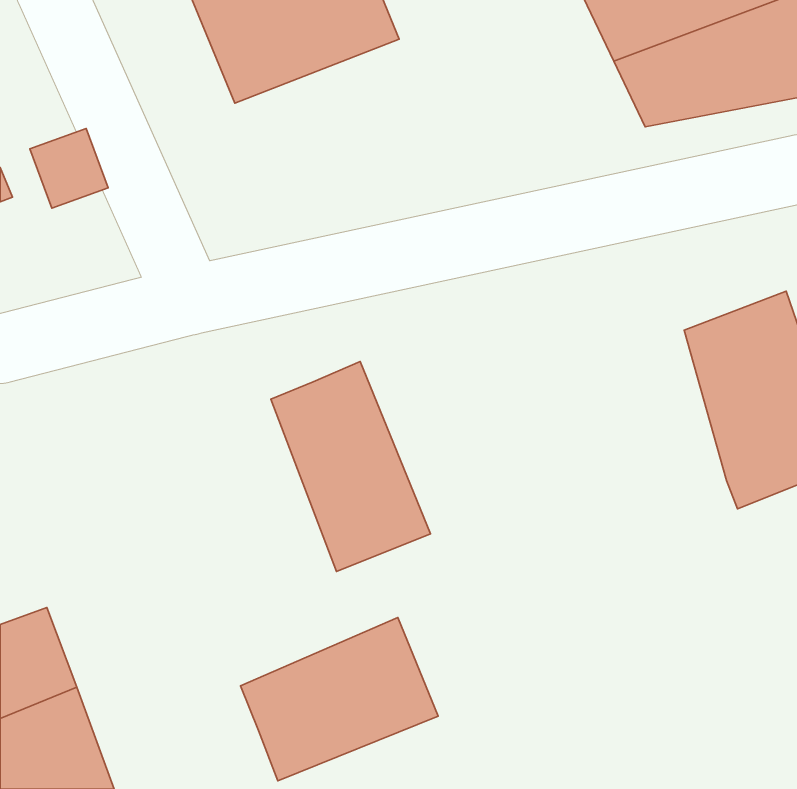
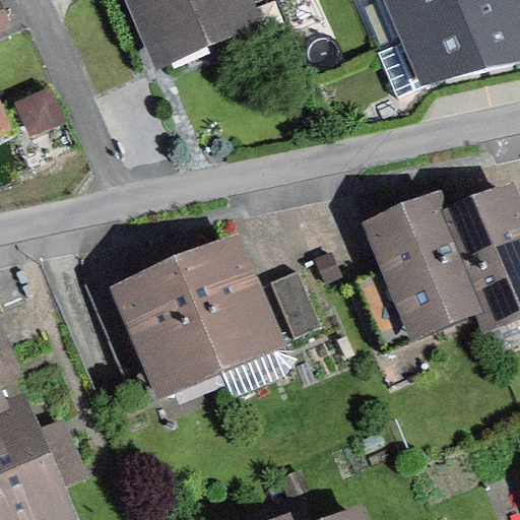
building: none -> [353,191,473,340]
building: none -> [110,259,220,397]
building: [240,618,438,781] -> none

